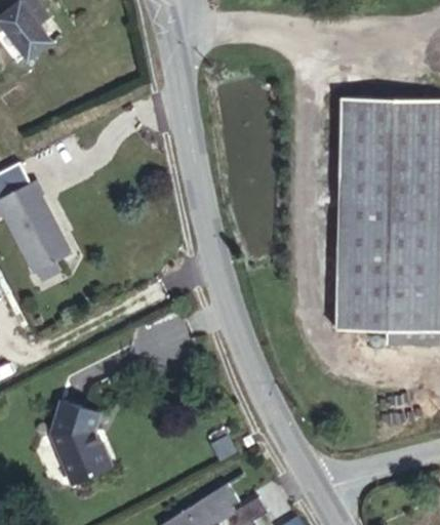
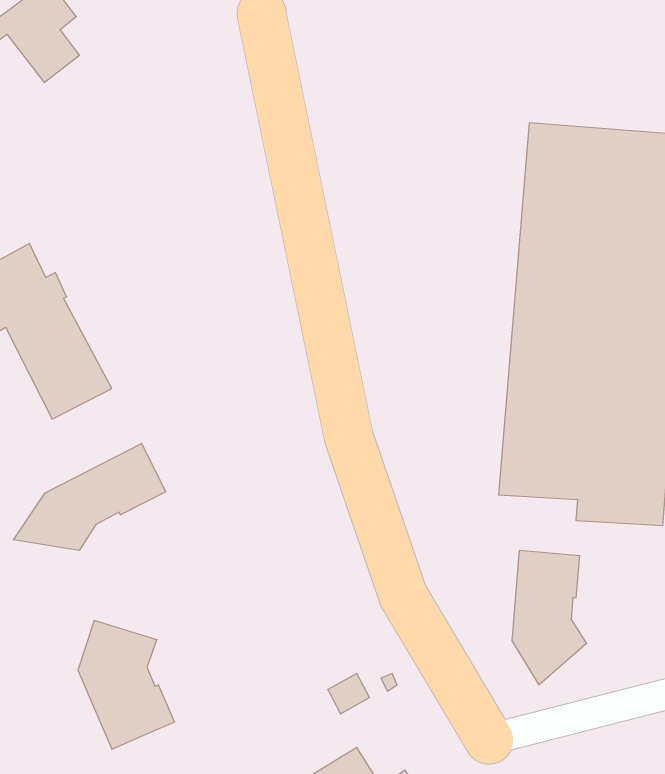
building: none -> [13,443,166,550]
building: none -> [512,550,587,685]

